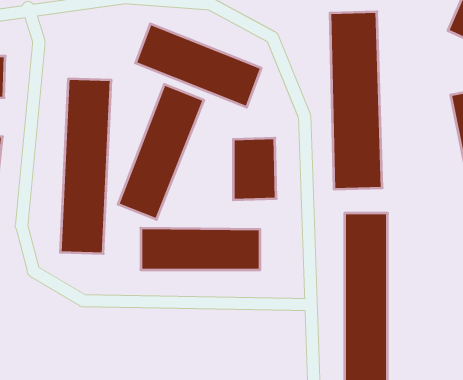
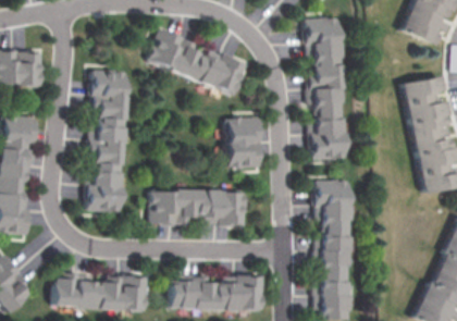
building: [118,84,204,220] -> none
building: none -> [54,275,152,309]
building: none -> [171,276,267,308]

